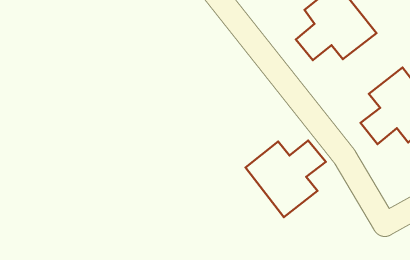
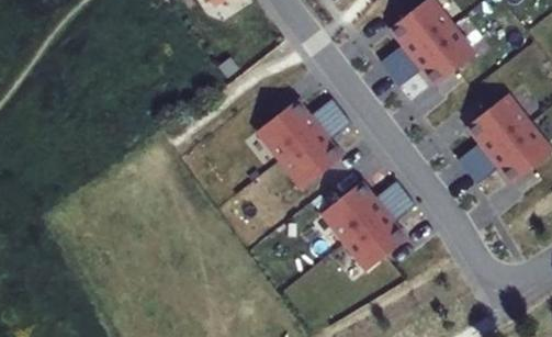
building: none -> [257,99,352,189]

